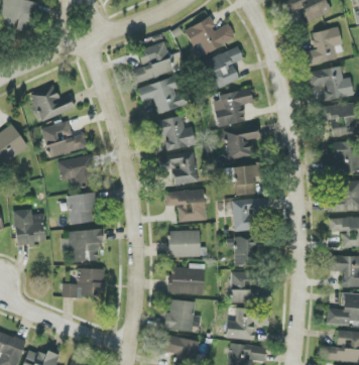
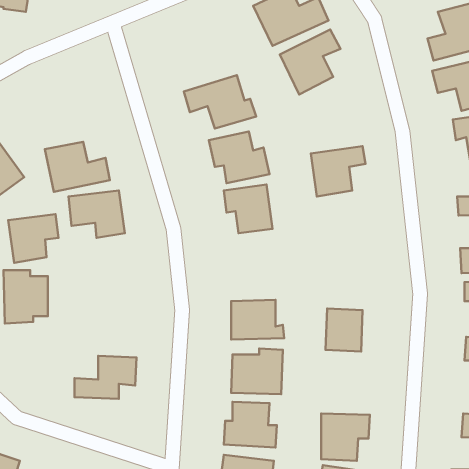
building: [132,41,173,83] -> none
building: [30,85,75,121] -> none
building: [213,90,252,126] -> none
building: [232,163,264,195] -> none
building: [165,190,206,221] -> none
building: [67,192,101,225] -> [8,214,58,263]
building: [233,199,268,231] -> none
building: [70,230,101,261] -> none
building: [231,272,270,303] -> none

